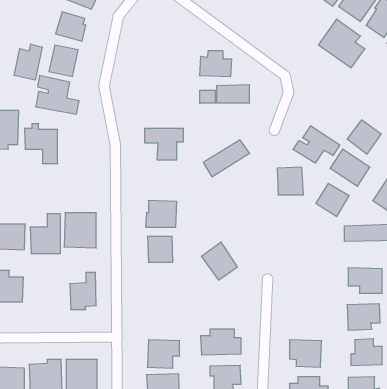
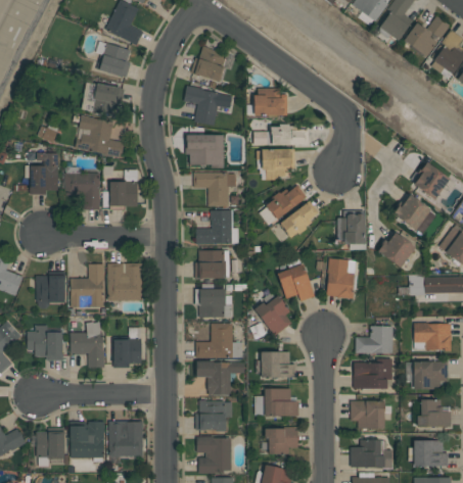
building: none -> [193,47,226,81]
building: [318,19,365,68] -> none
building: [14,44,42,80] -> none
building: none -> [184,87,233,126]
building: none -> [187,134,224,166]
building: none -> [257,149,294,180]
building: [293,126,340,163] -> none
building: none -> [109,181,138,207]
building: none -> [280,205,317,237]
building: none -> [196,210,239,245]
building: none -> [326,258,357,298]
building: none -> [278,264,314,301]
building: none -> [70,323,103,368]
building: none -> [196,324,243,357]
building: none -> [356,326,392,353]
building: none -> [260,351,295,379]
building: none -> [354,359,392,389]
building: none -> [196,361,244,395]

